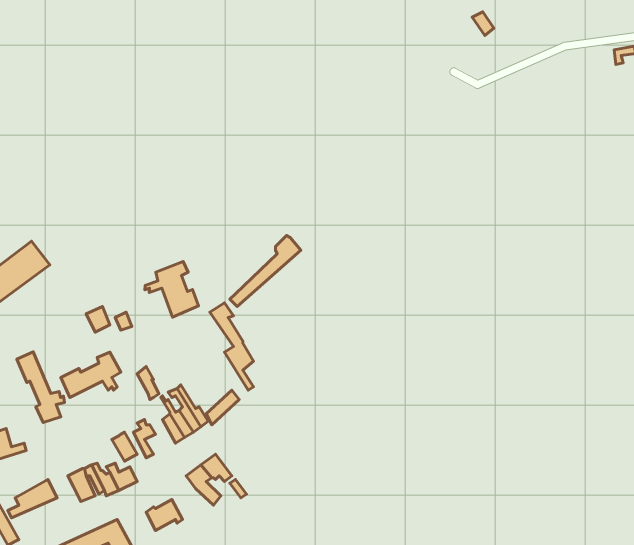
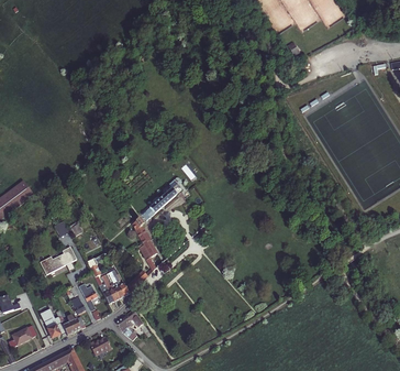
building: [145,262,198,317] -> none
building: [17,352,65,423] -> none

